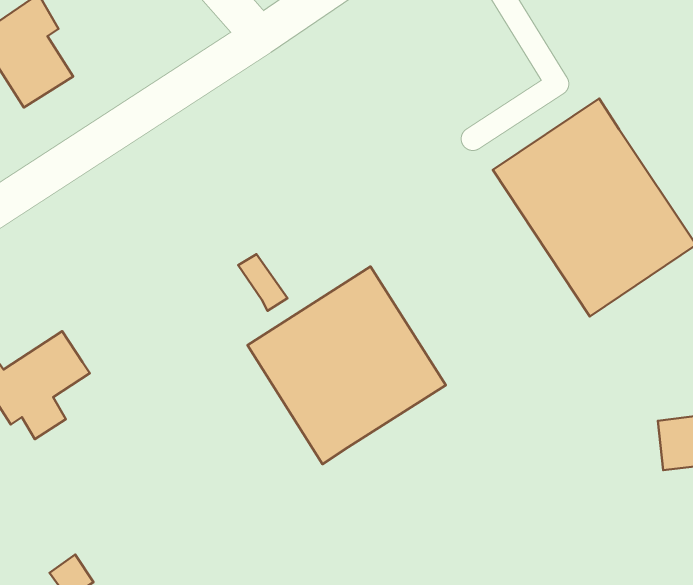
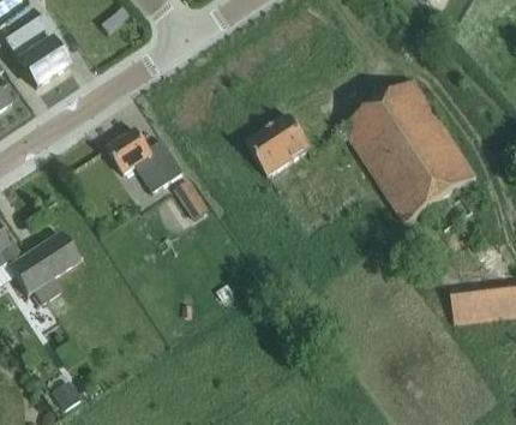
building: none -> [245,114,311,175]
building: none -> [106,128,184,191]
building: [247,266,446,464] -> none

